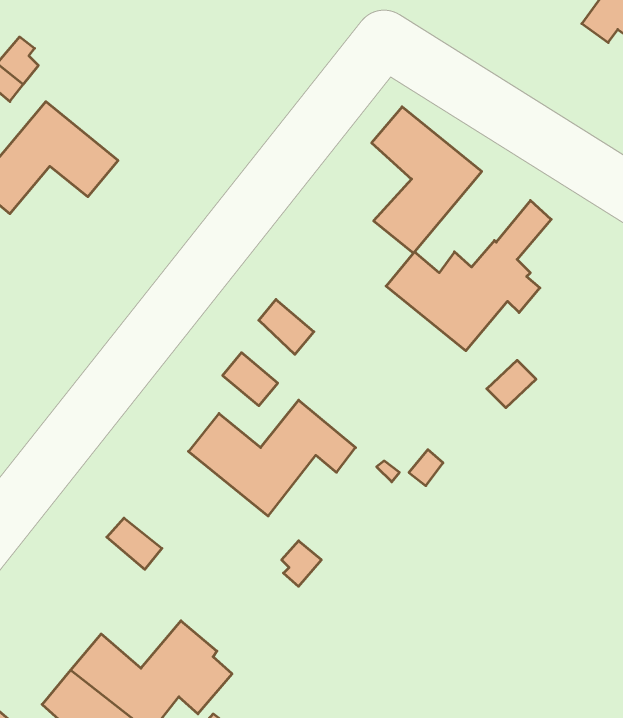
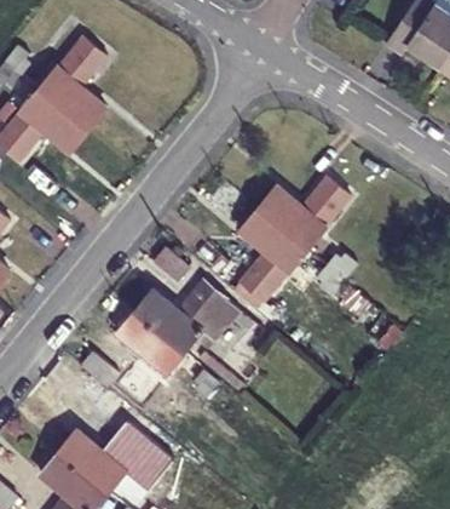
building: none -> [41,39,104,127]
building: [372,107,482,253] -> [238,207,308,301]
building: none -> [116,313,183,405]

